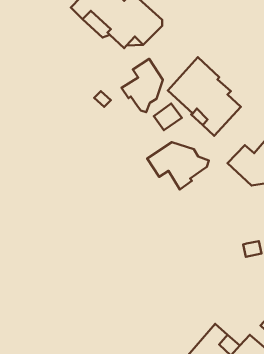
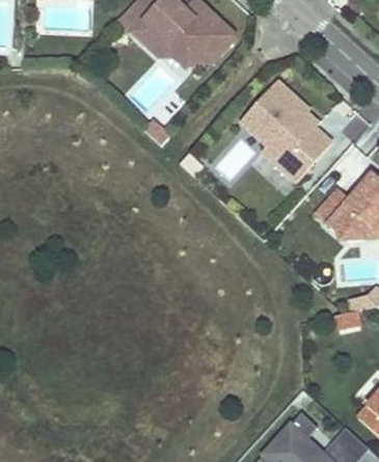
building: [121,59,163,112] -> none
building: [147,142,209,189] -> none

